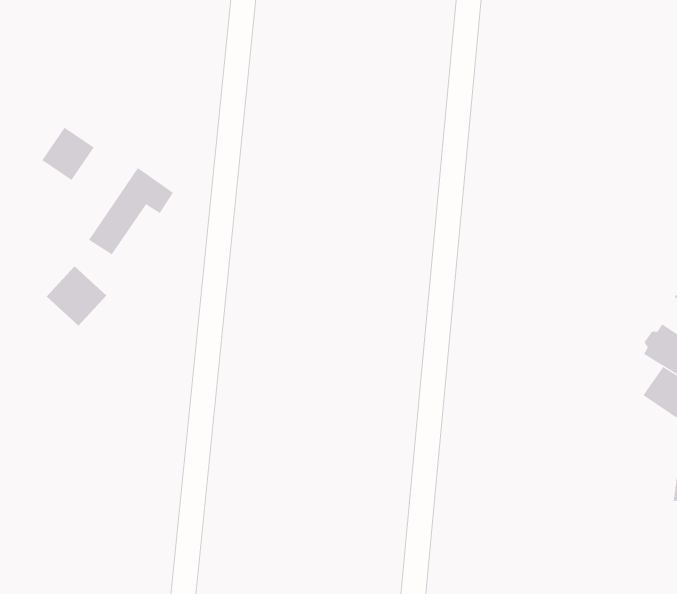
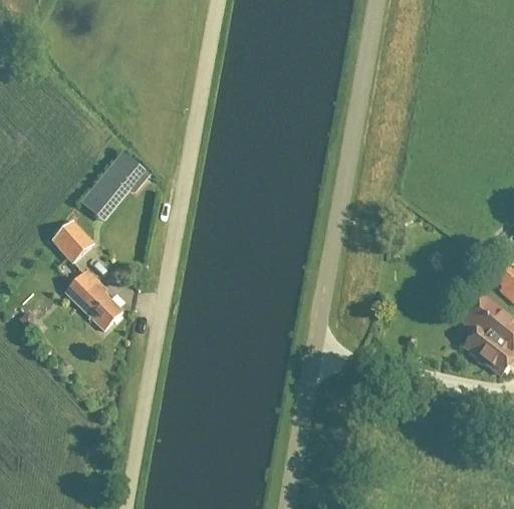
building: [42,127,95,181] -> none
building: none -> [64,269,121,329]

